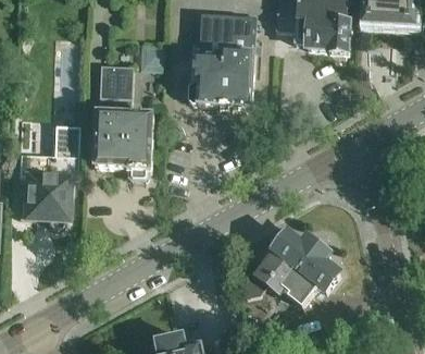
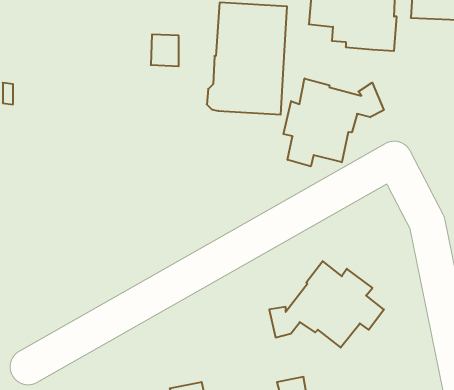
building: [96,64,153,179] -> none
building: none -> [283,78,384,166]
building: [17,125,78,225] -> none

